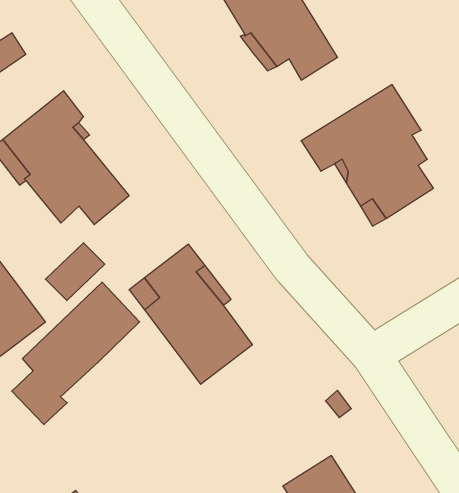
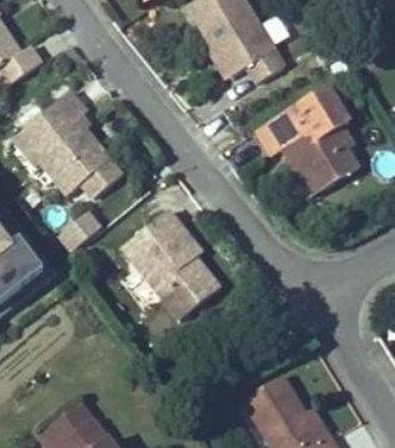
building: [12,282,140,425] -> none

